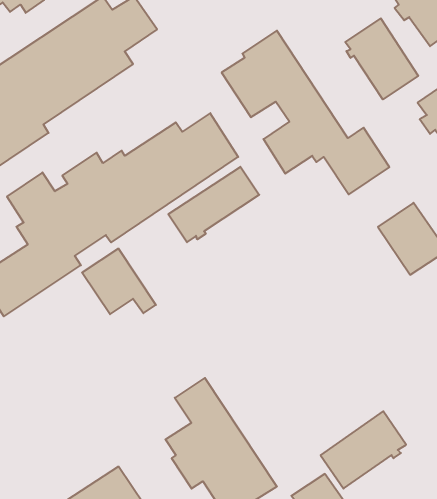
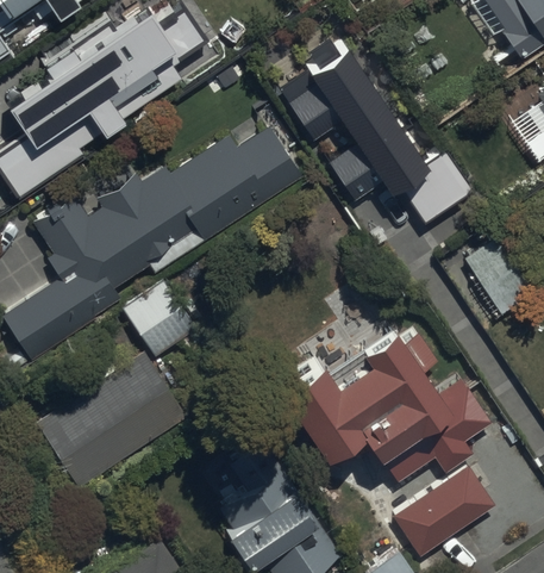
building: [345,18,418,99] -> none
building: [168,167,259,242] -> none
building: none -> [274,322,487,488]
building: none -> [33,354,186,492]

